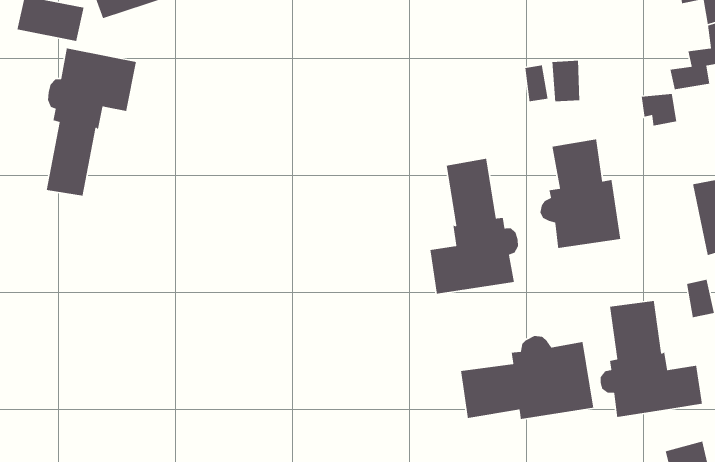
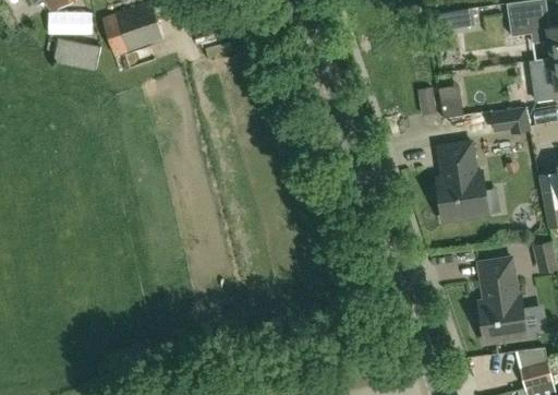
building: [46,47,137,196] -> none
building: [429,158,519,294] -> none
building: [460,335,594,420] -> none

